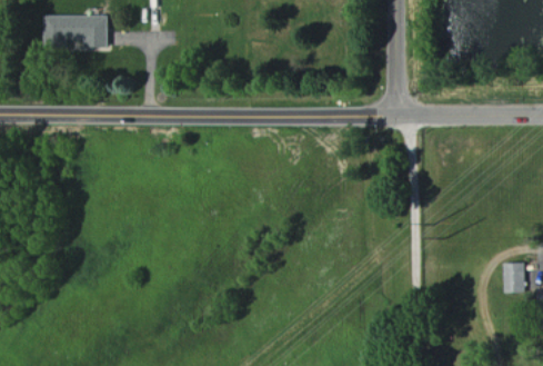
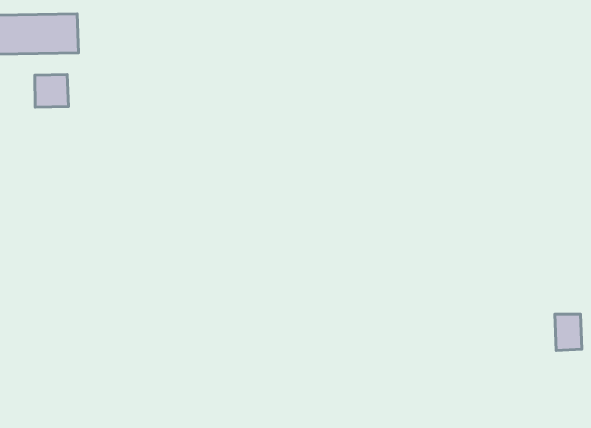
building: none -> [35,75,68,107]

